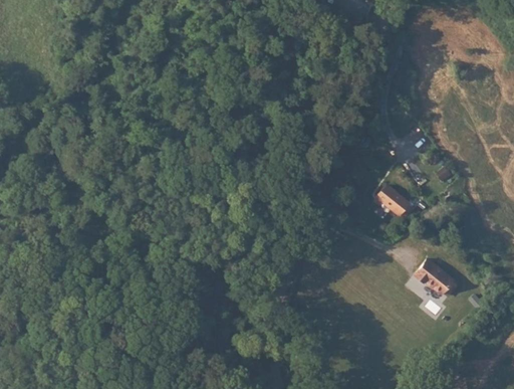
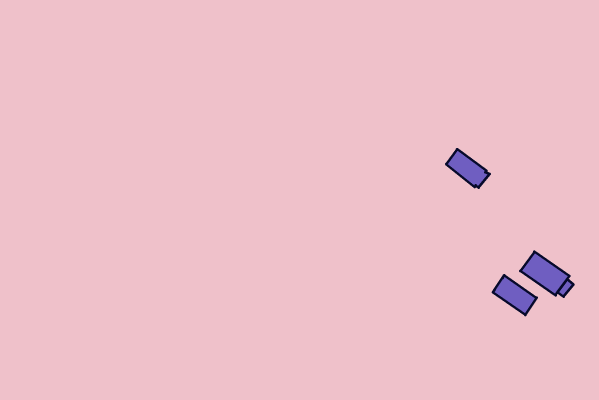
building: none -> [493,275,537,315]

